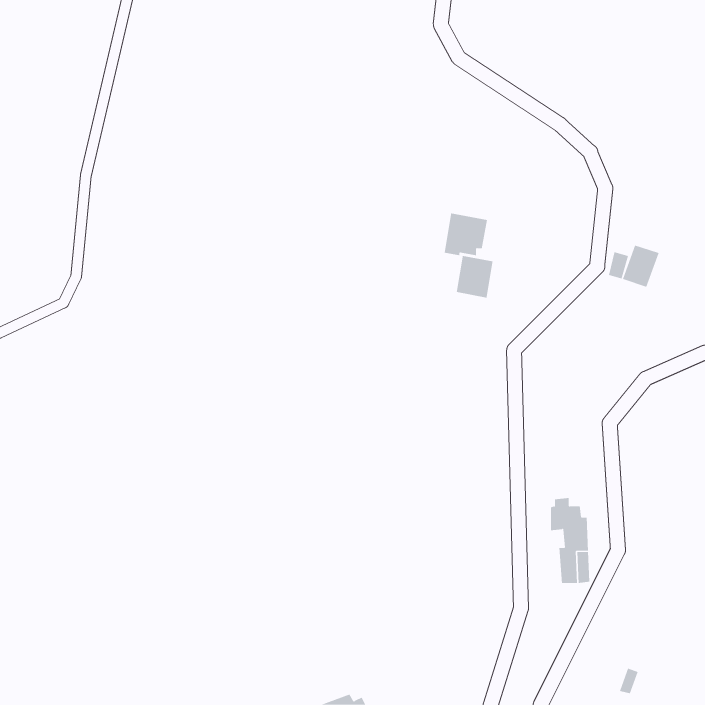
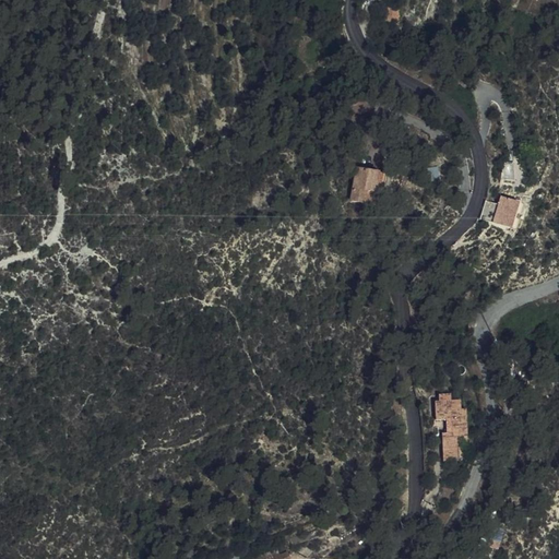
building: [456,255,493,298] -> none

